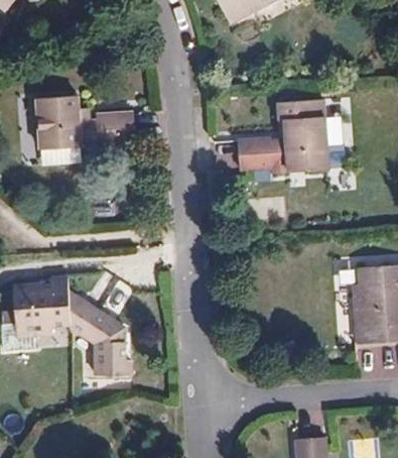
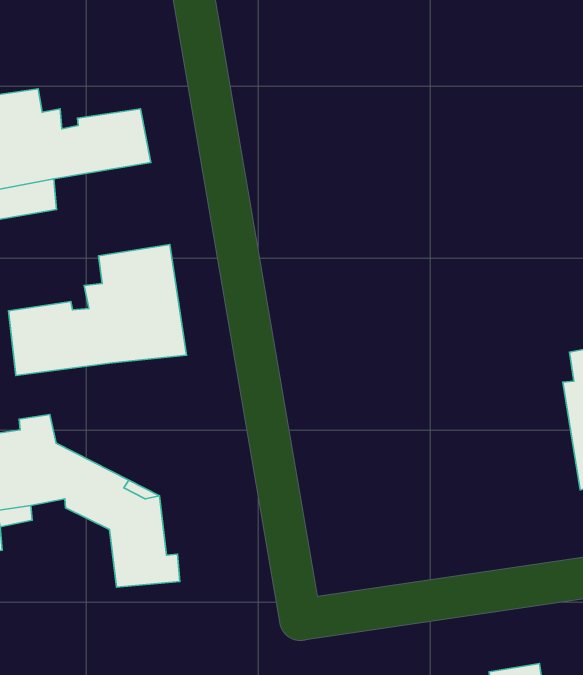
building: [238,100,327,169] -> none
building: none -> [8,244,187,375]

